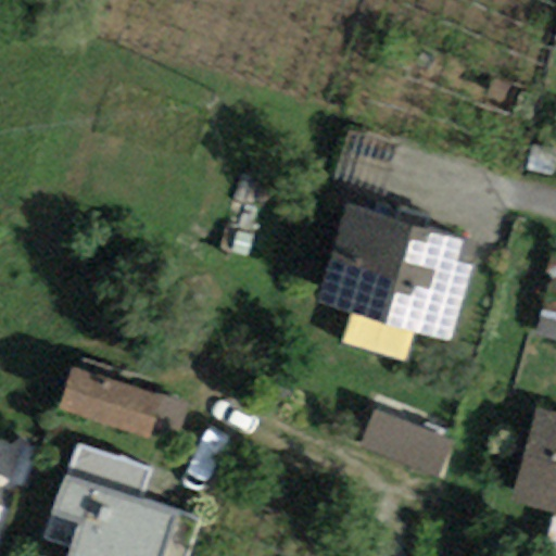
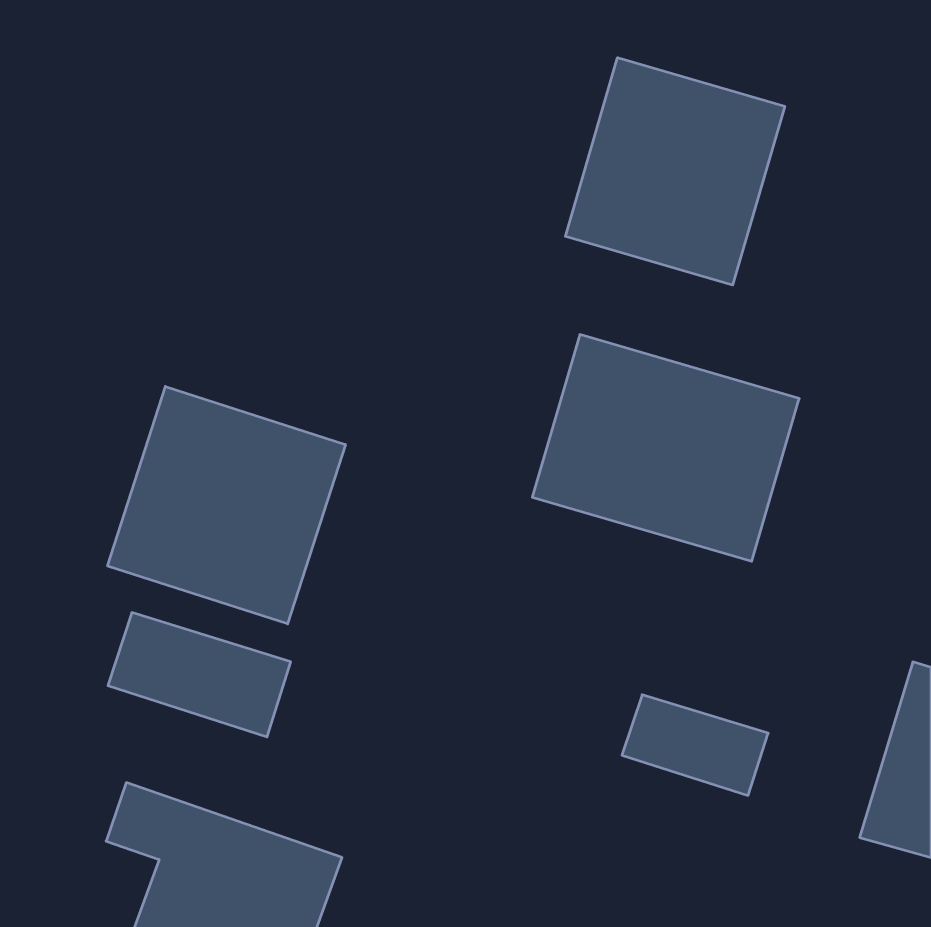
building: none -> [565,58,785,285]
building: none -> [108,386,345,624]

